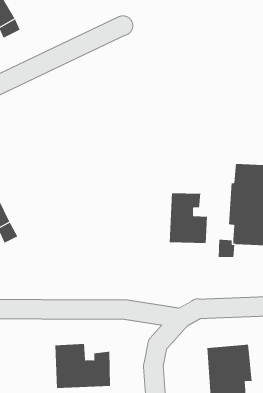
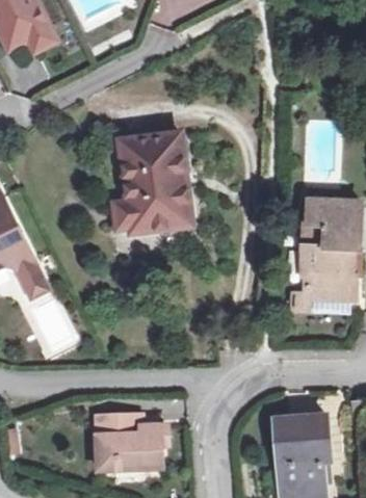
building: none -> [113,134,189,232]
building: [169,192,208,244] -> none

